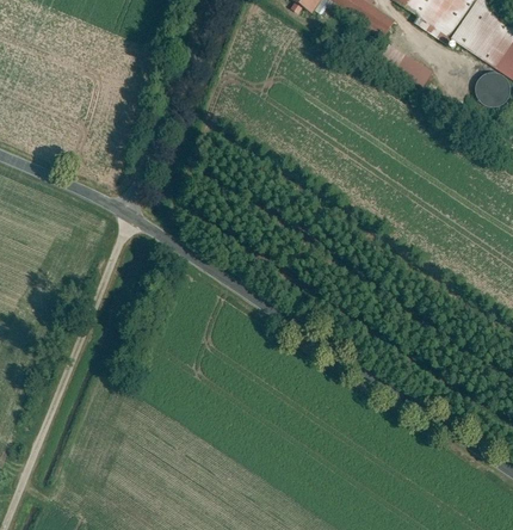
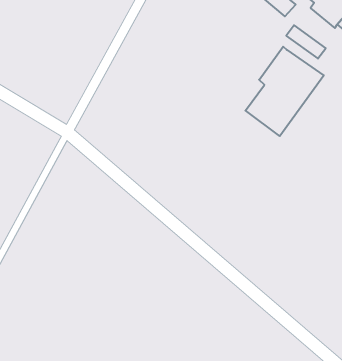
building: none -> [245,47,324,136]

